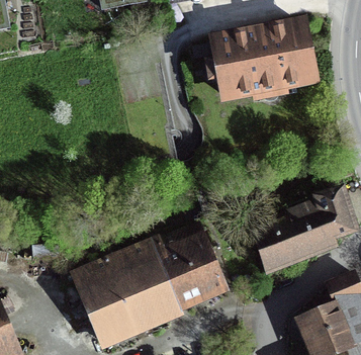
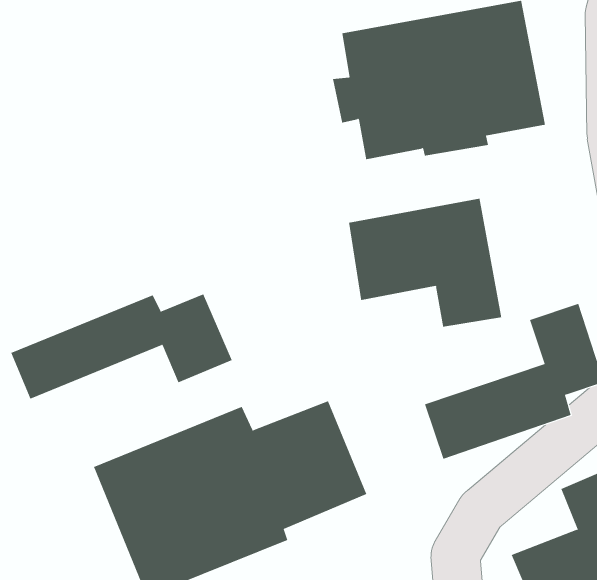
building: none -> [349,198,502,328]
building: none -> [10,293,233,400]

